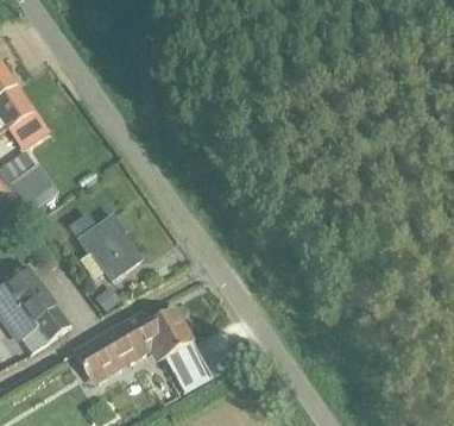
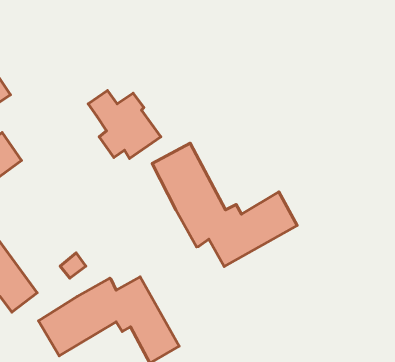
building: none -> [152,143,297,267]
building: [70,215,141,282] -> [88,91,161,159]

